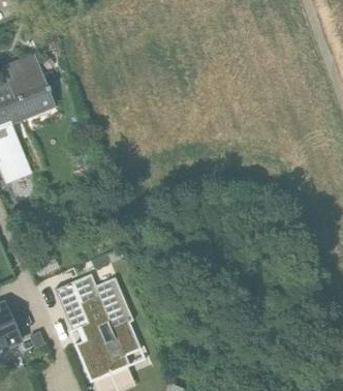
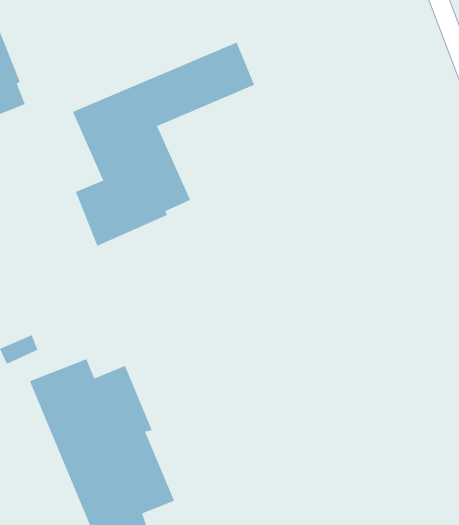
building: none -> [72,42,255,247]

